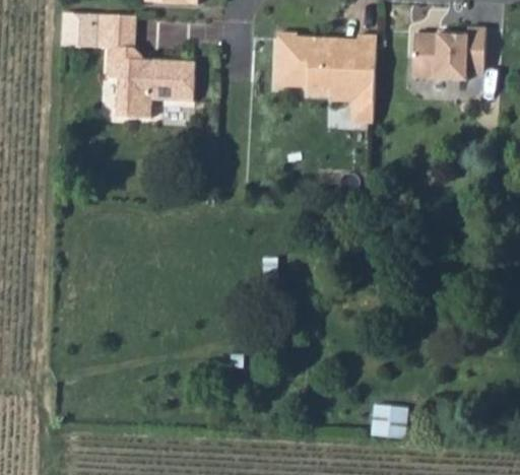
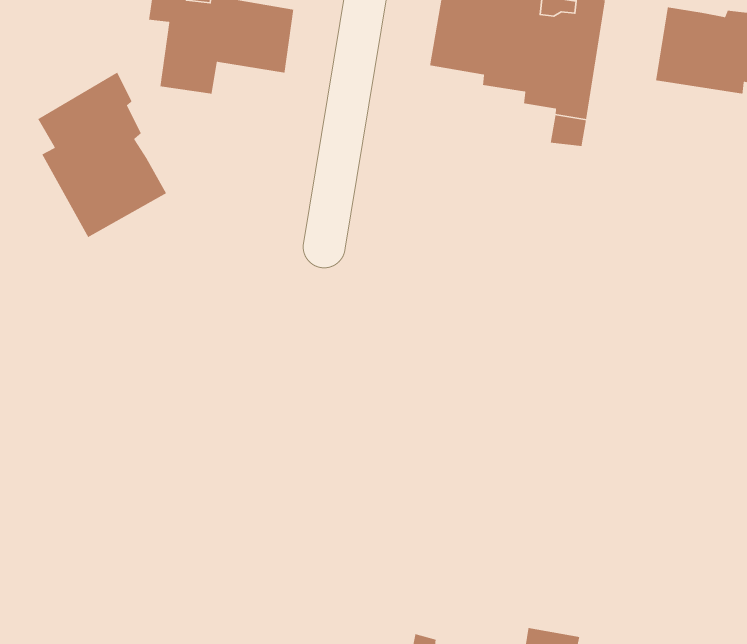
building: none -> [37,71,167,238]

